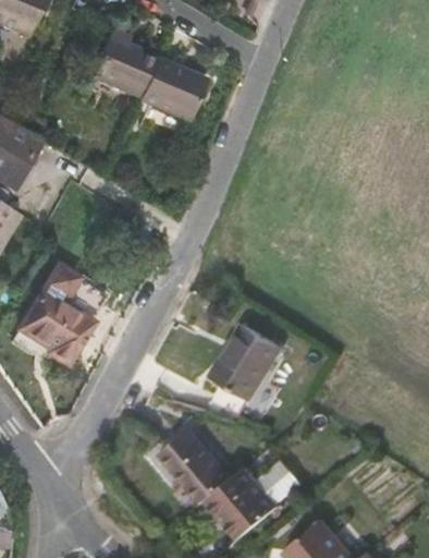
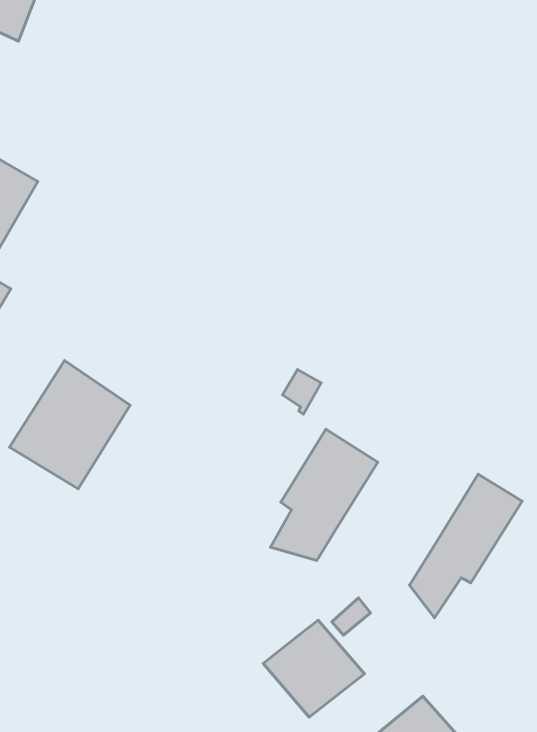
building: [87,33,205,128] -> none
building: none -> [409,474,522,618]
building: [157,421,229,496] -> none

